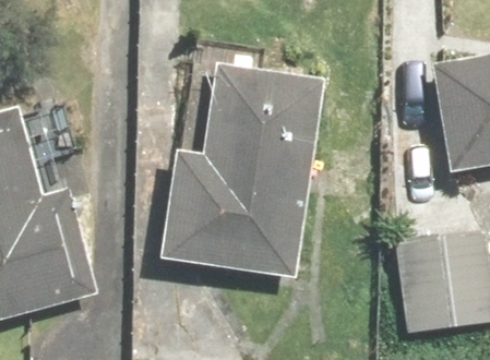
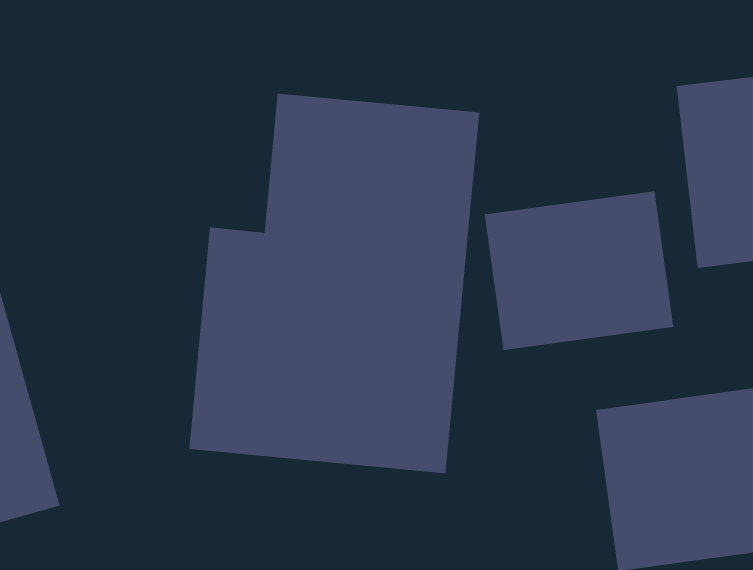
building: none -> [484,190,674,351]

